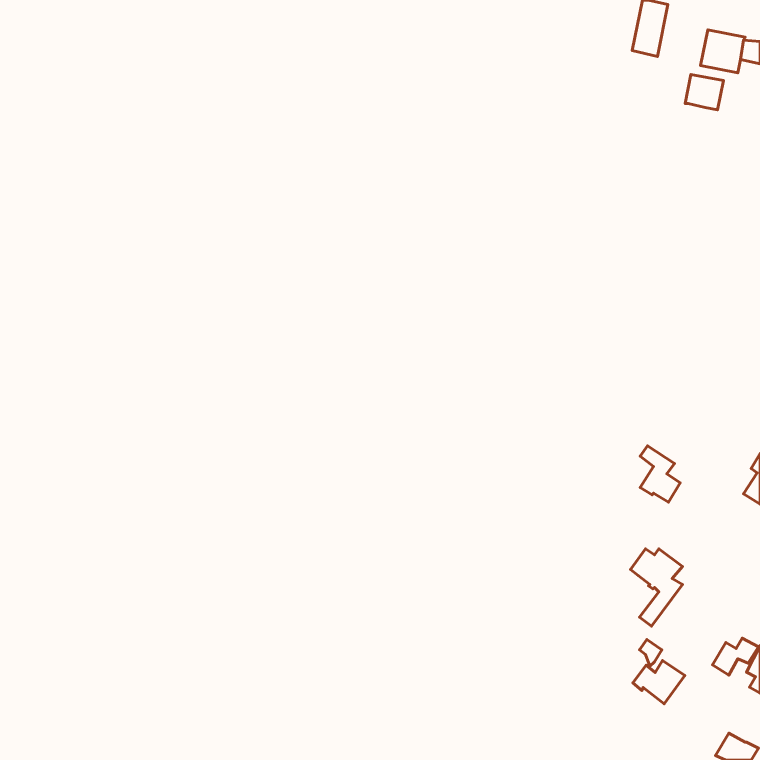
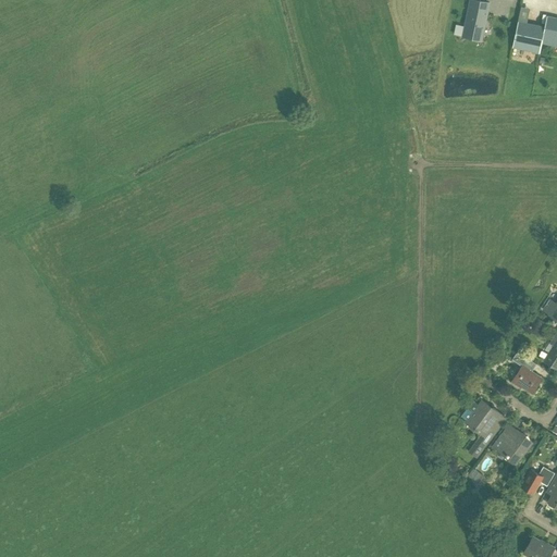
building: [685,74,723,110] -> none
building: [640,446,680,502] -> [511,351,541,393]
building: [633,661,685,704] -> [493,431,531,462]

